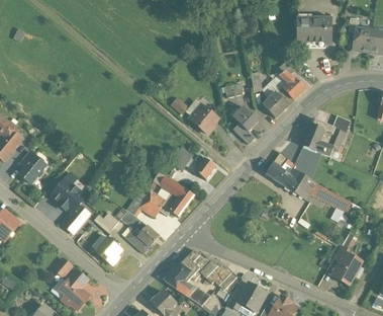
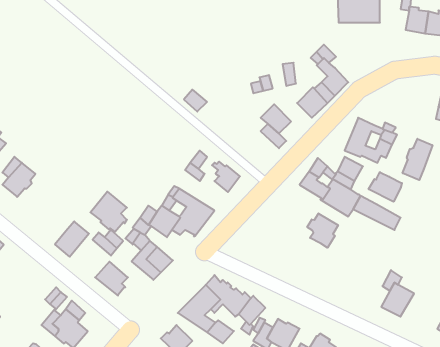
building: [189,107,217,134] -> none
building: none -> [403,139,432,180]
building: none -> [369,172,402,202]
building: [51,179,81,213] -> [90,192,127,232]
building: none -> [307,213,338,248]

